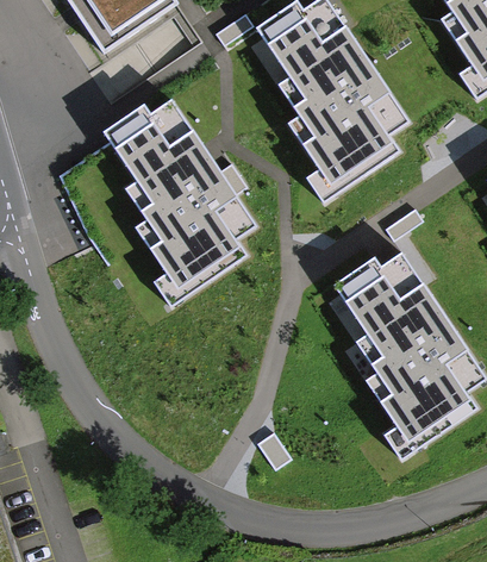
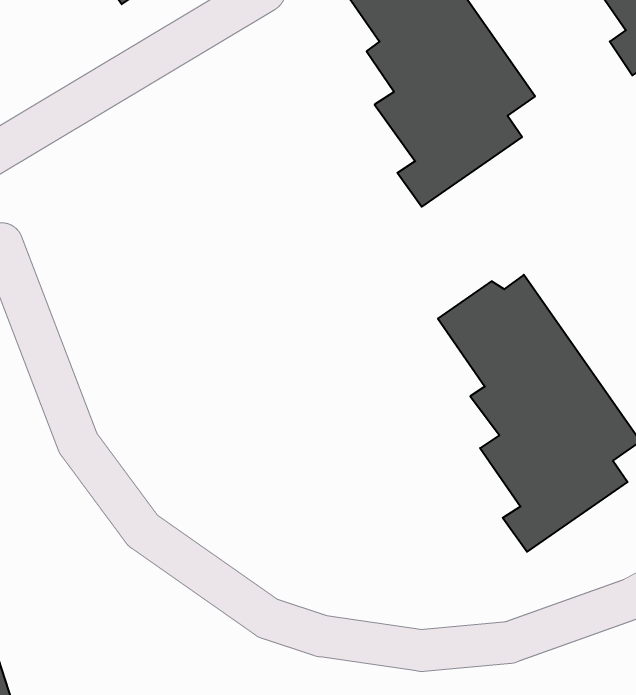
building: [105,98,254,300] -> none

